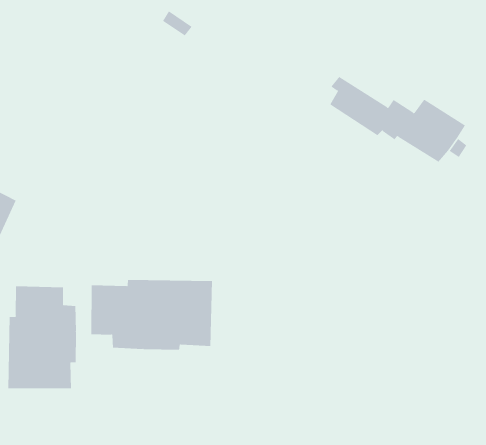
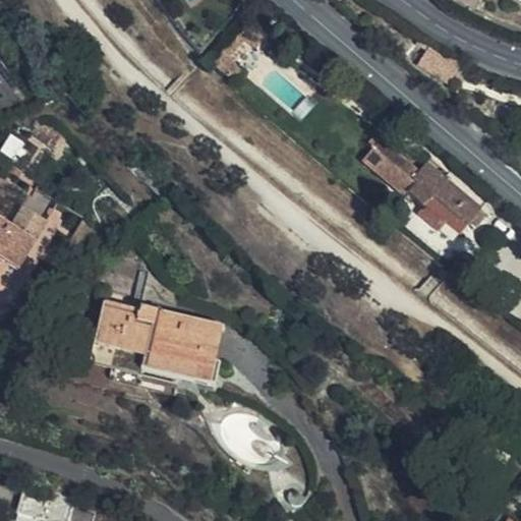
building: [8,286,76,389] -> none

